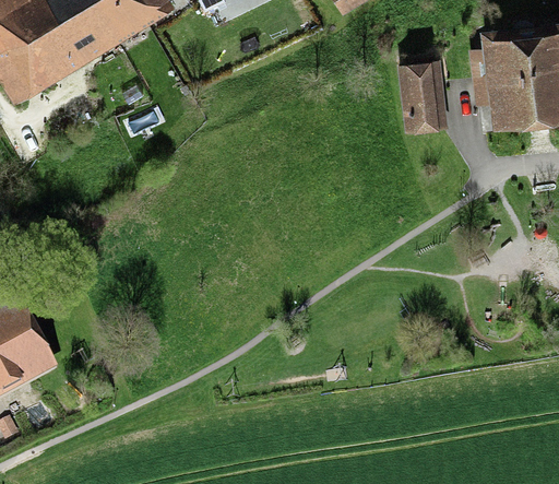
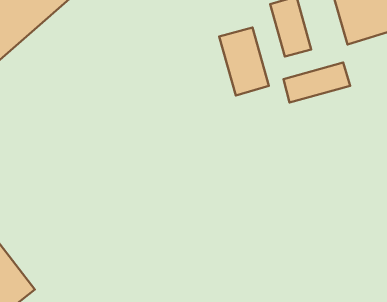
building: none -> [219,28,269,96]
building: none -> [283,62,350,103]

